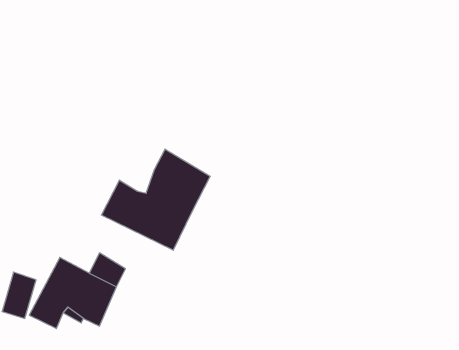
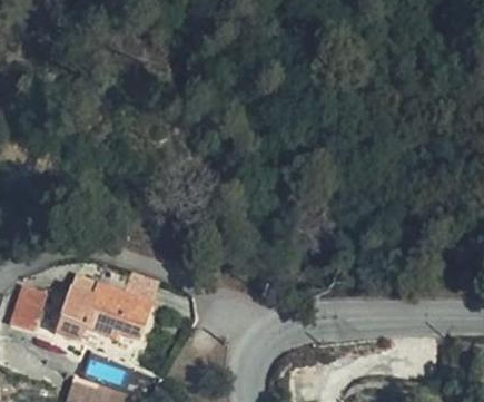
building: [101,149,210,250] -> none

